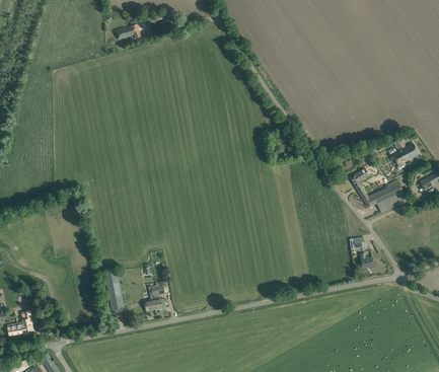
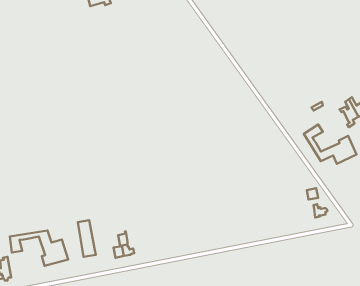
building: none -> [10,230,68,266]

